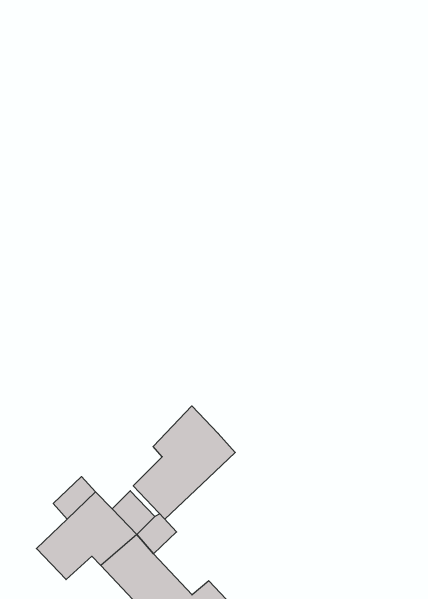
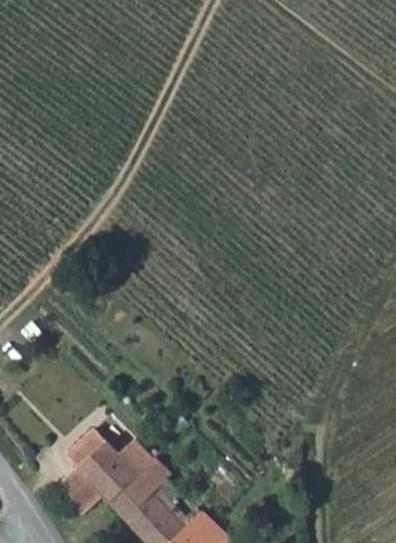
building: [133,406,235,519] -> none

